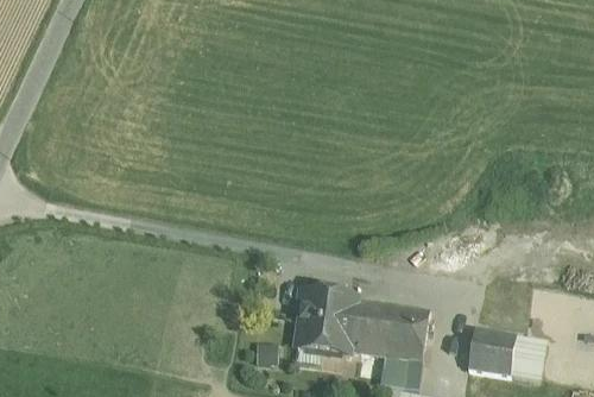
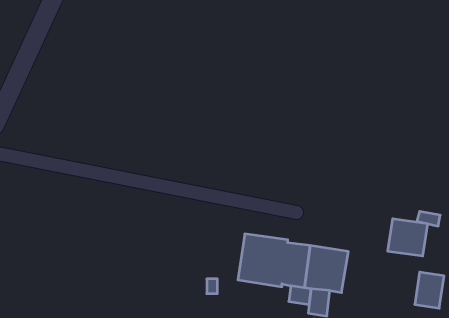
building: [468,329,517,374] -> [388,219,428,256]

